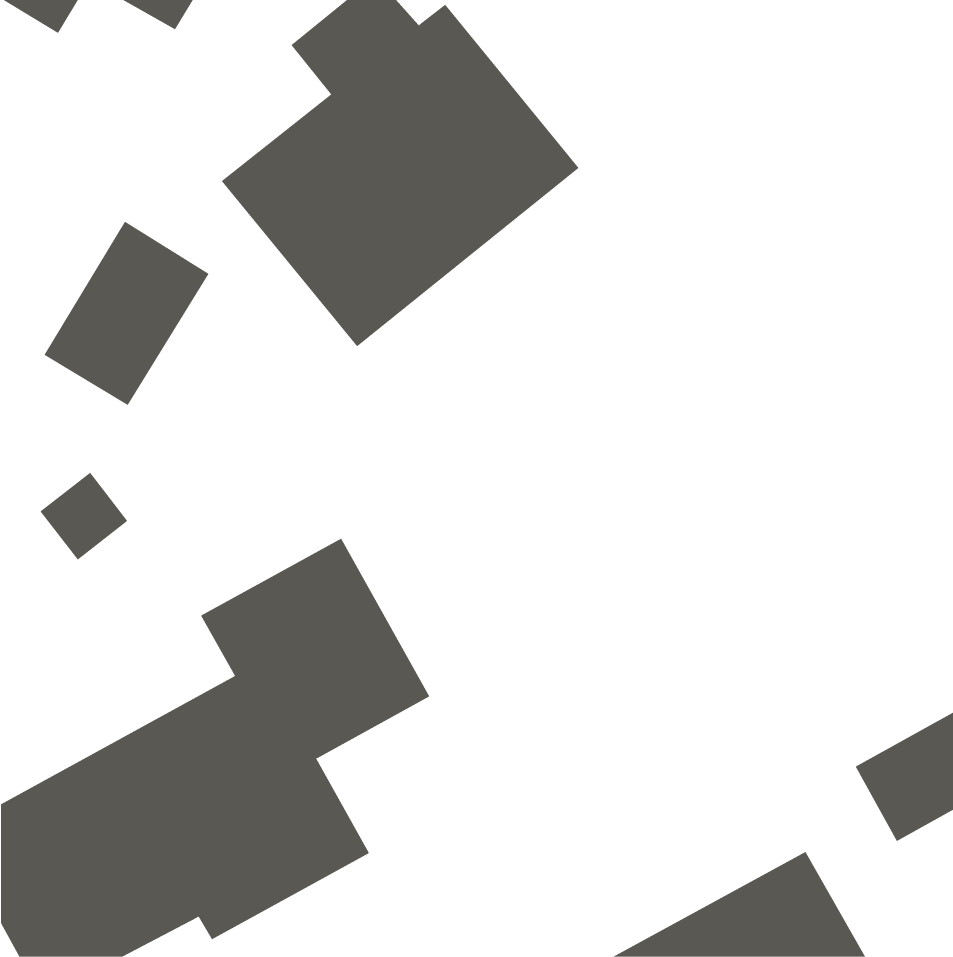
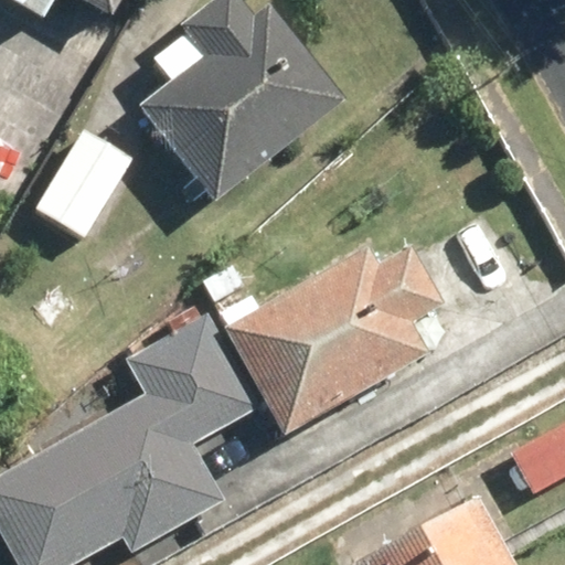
building: none -> [225,248,440,434]

